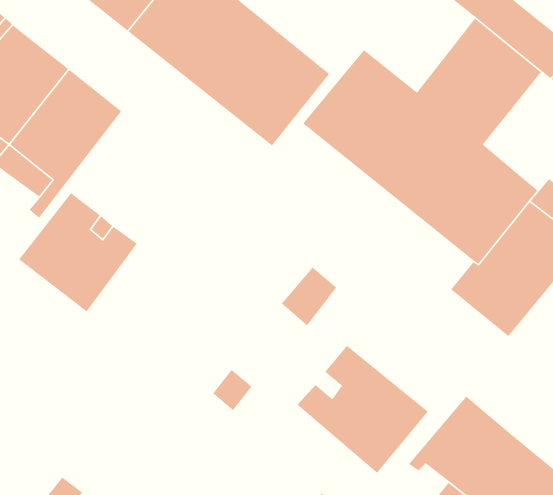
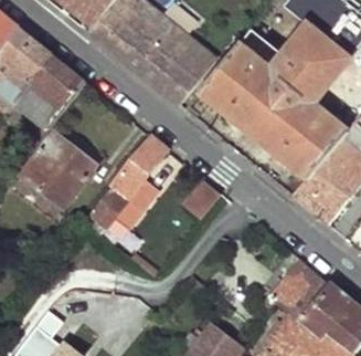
building: none -> [85,134,169,233]
building: [296,345,429,474] -> none

